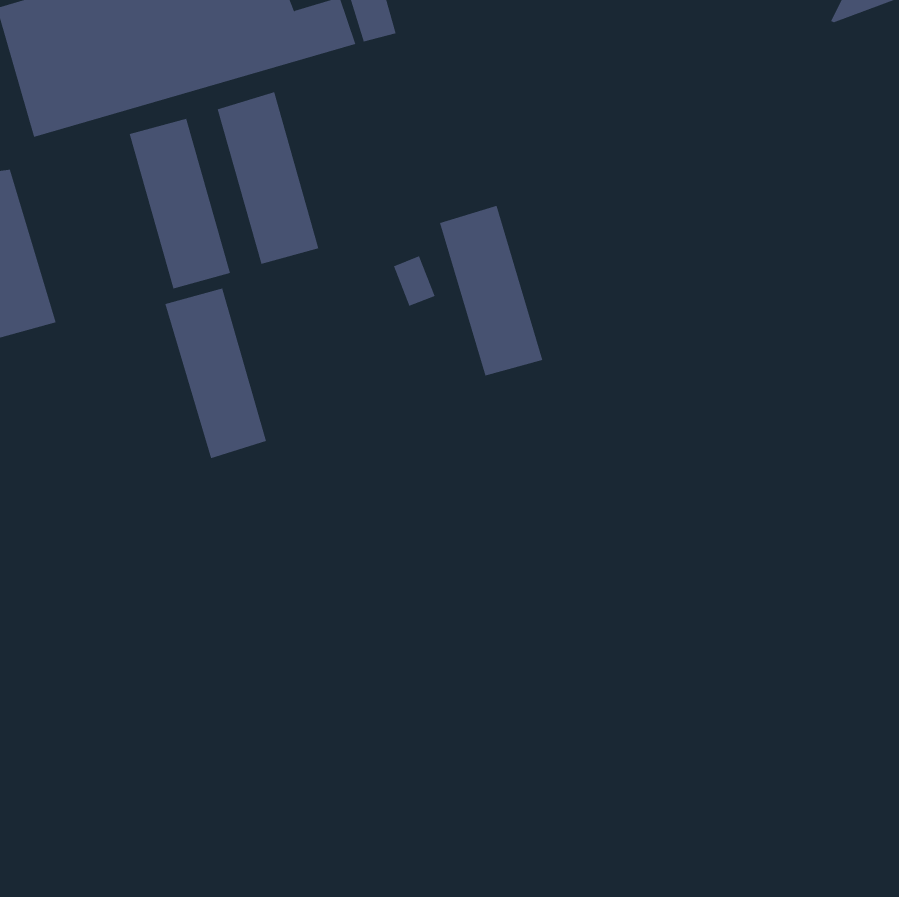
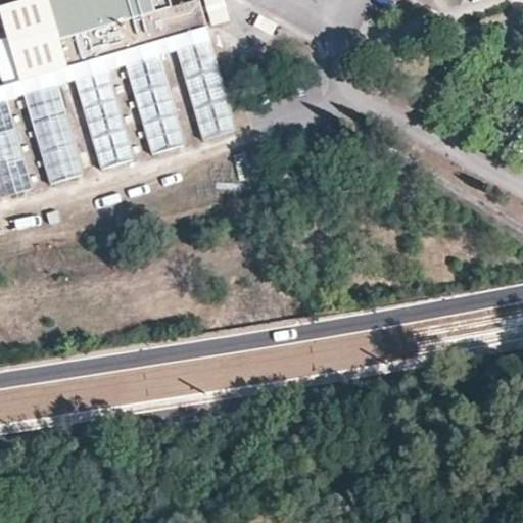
building: [439,205,543,376] -> [176,39,236,138]
building: [165,288,267,459] -> [23,84,83,183]

